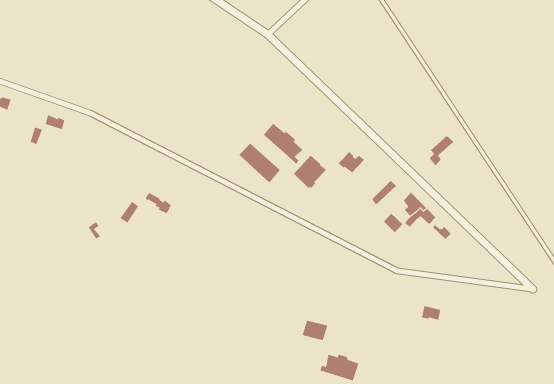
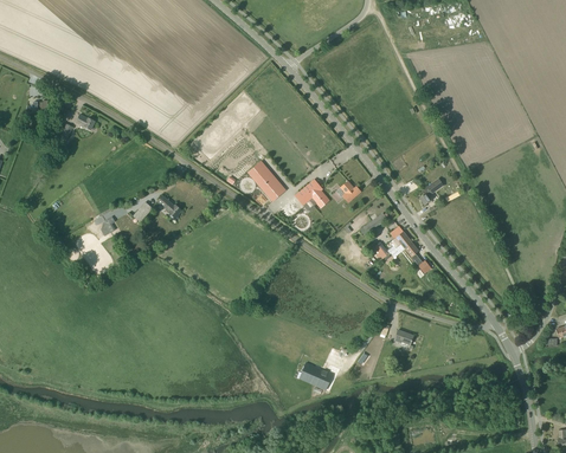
building: [263,123,304,165] -> none

